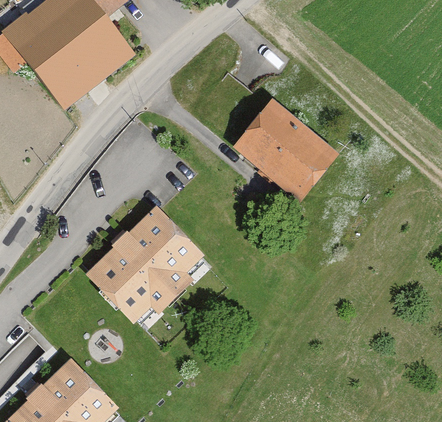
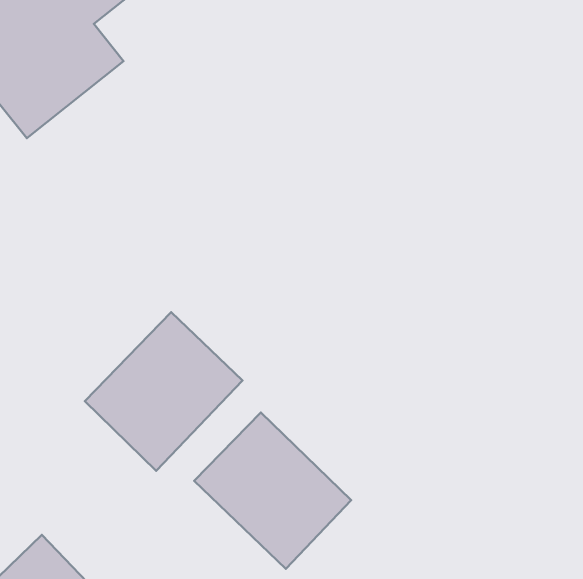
building: [239,109,326,190] -> none
building: none -> [194,412,351,569]

